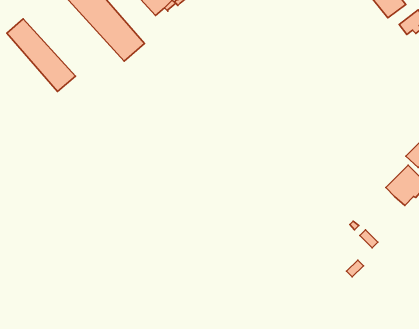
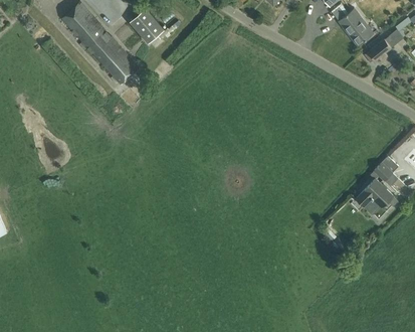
building: [7,19,76,91] -> none

